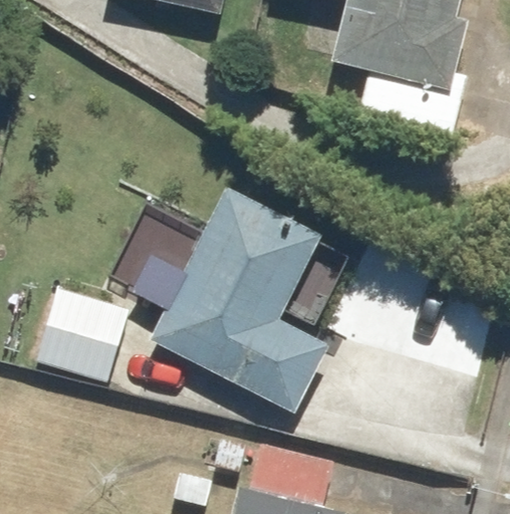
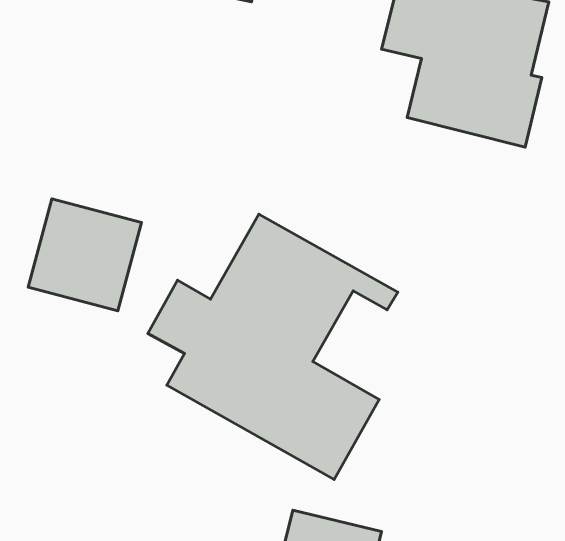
building: [33,286,130,381] -> [28,199,141,311]

